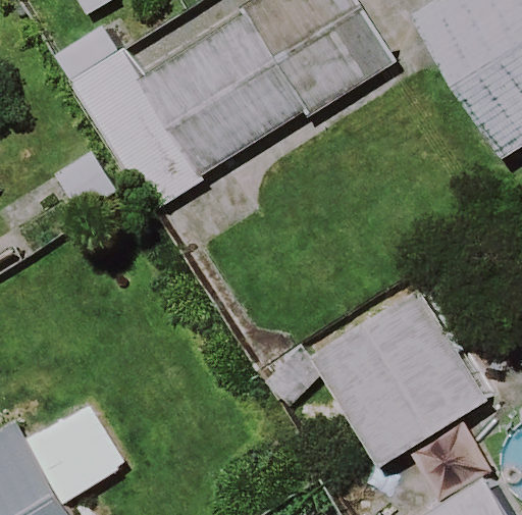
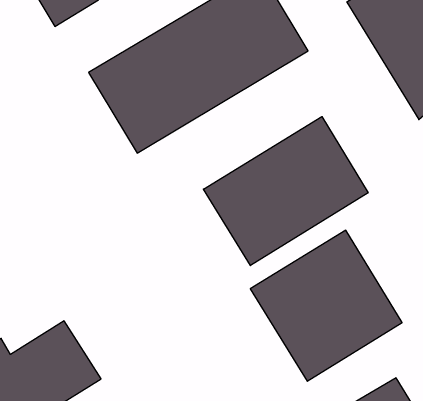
building: none -> [203,117,368,266]

